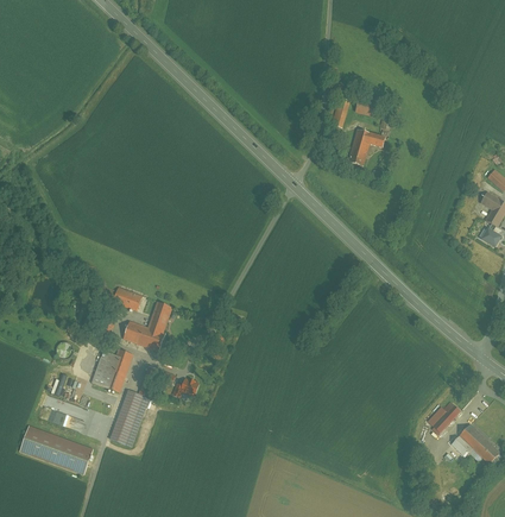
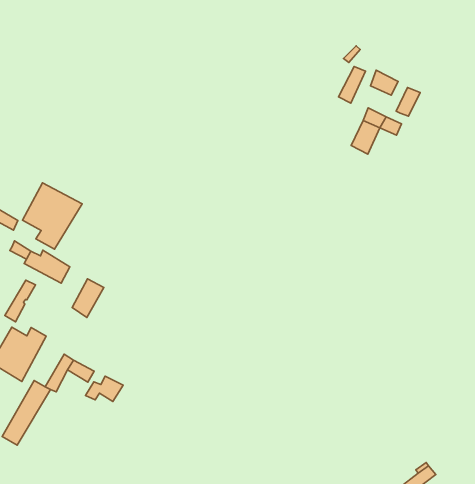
building: none -> [22,183,82,249]
building: [124,322,165,352] -> none

